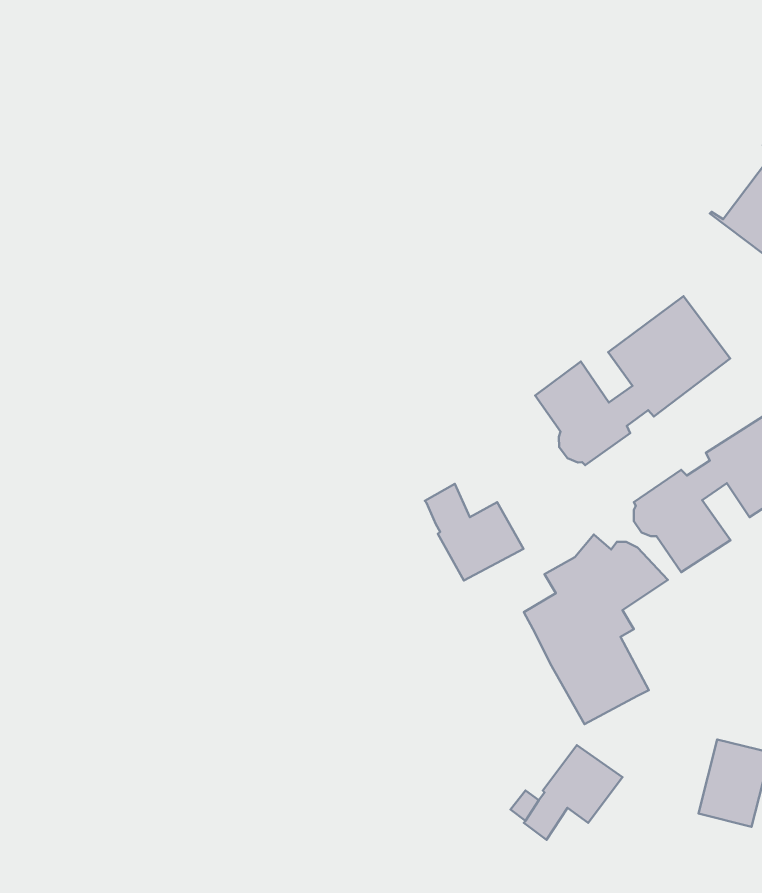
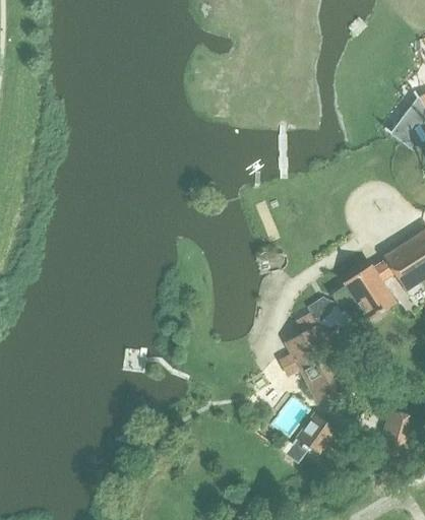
building: [535,296,730,465] -> none
building: [425,484,523,581] -> none

